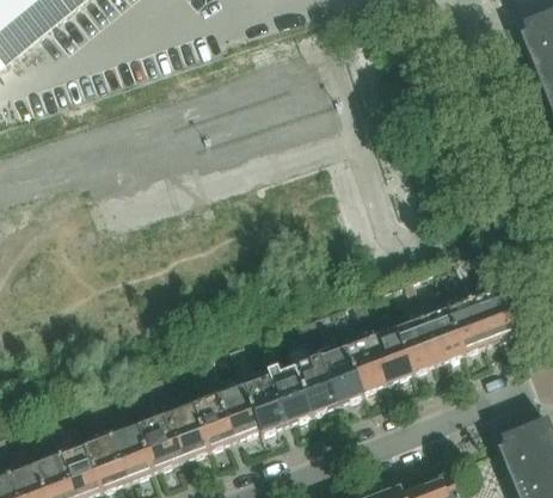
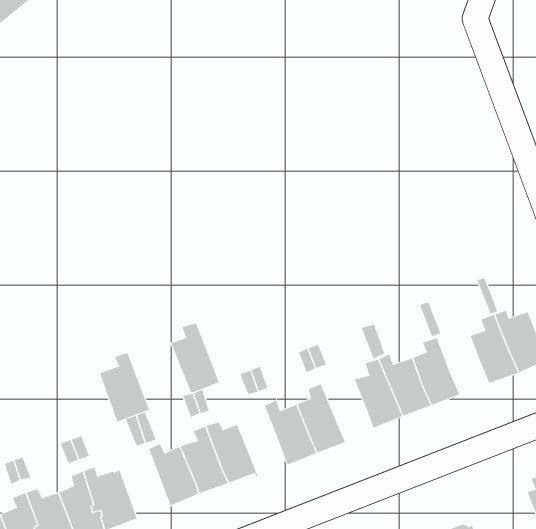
building: [420,306,466,361] -> none
building: [319,346,365,402] -> none
building: [246,370,289,432] -> [171,323,220,394]
building: [142,408,186,469] -> [99,353,150,422]

